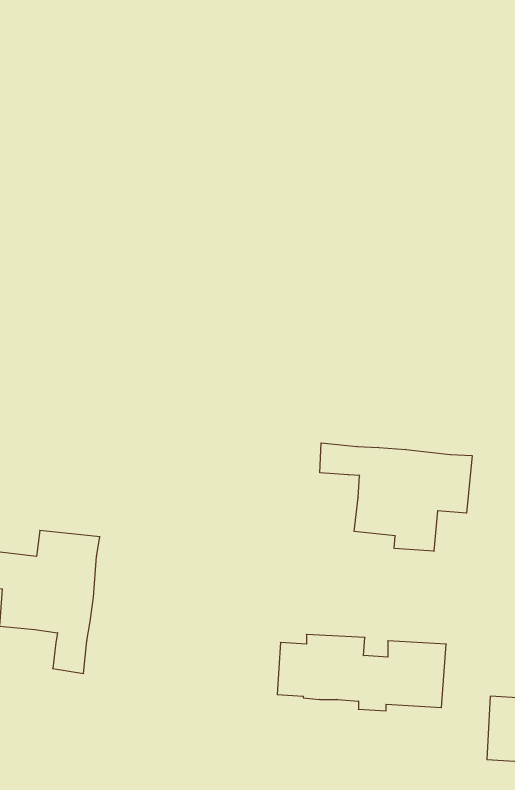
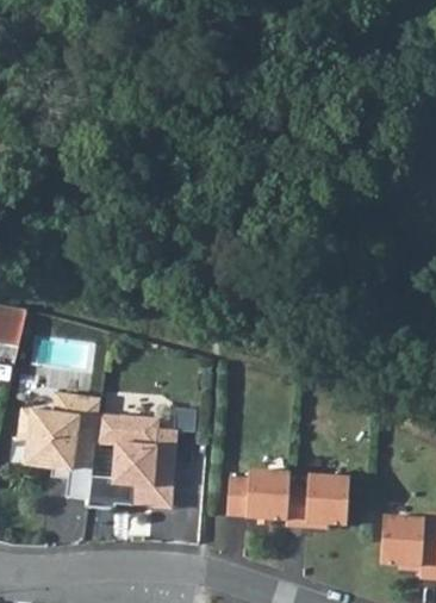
building: [320,443,472,551] -> none
building: none -> [88,415,179,510]

